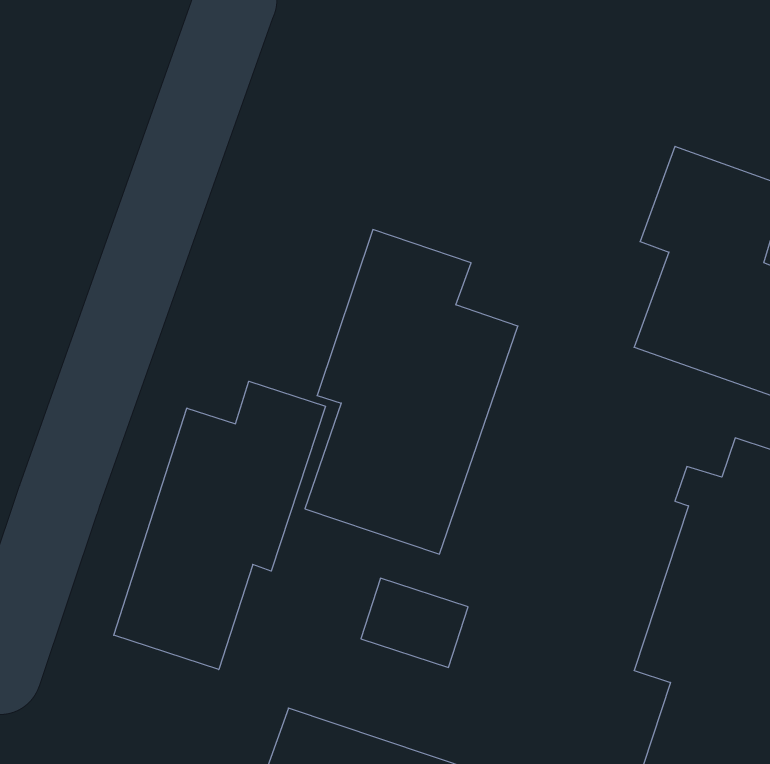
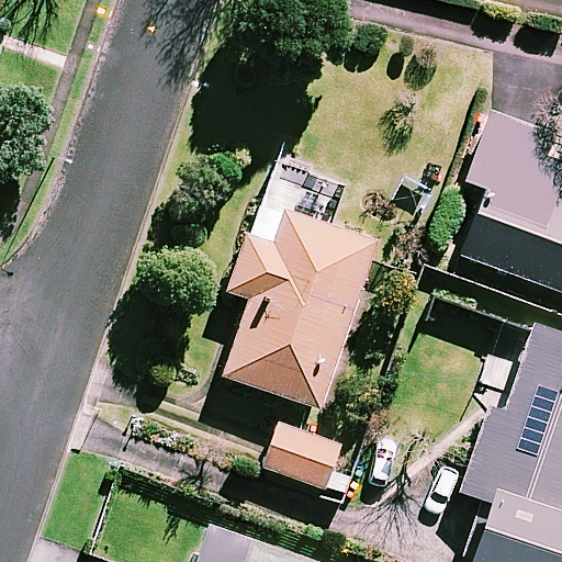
building: [114,381,325,670] -> none

